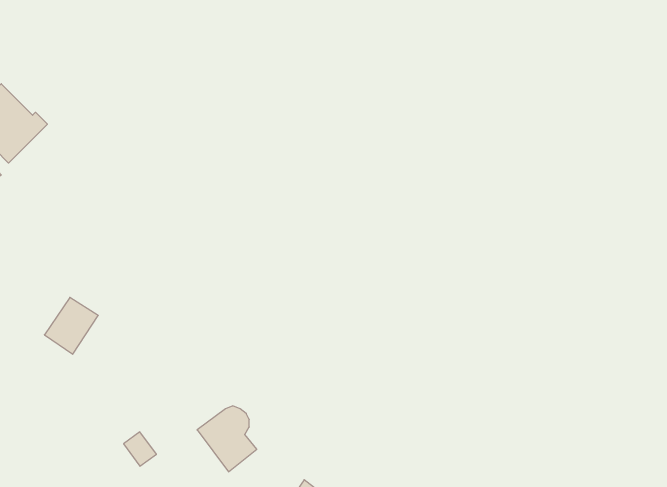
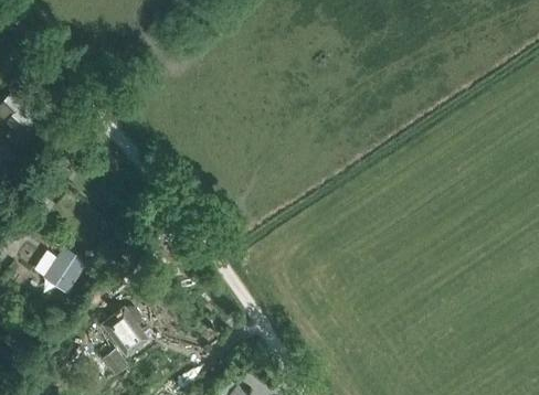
building: [197,406,257,472] -> [103,307,147,355]

